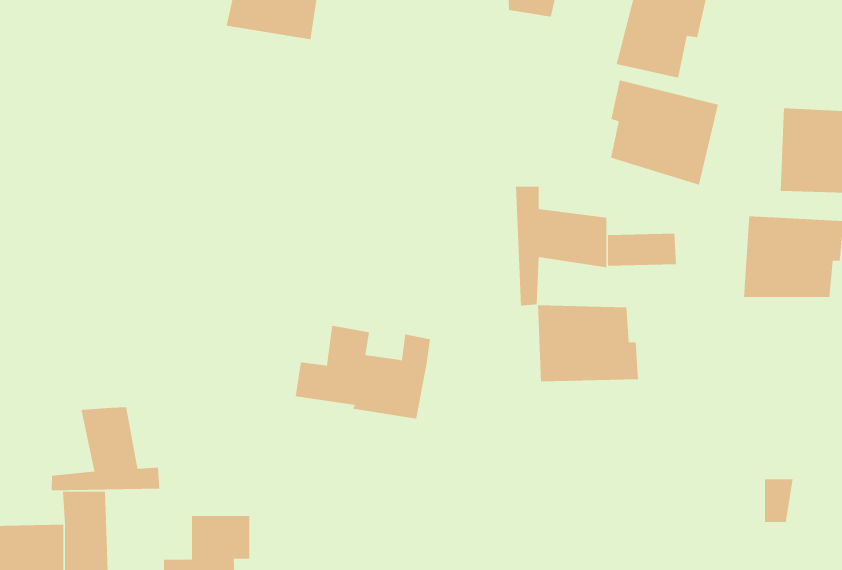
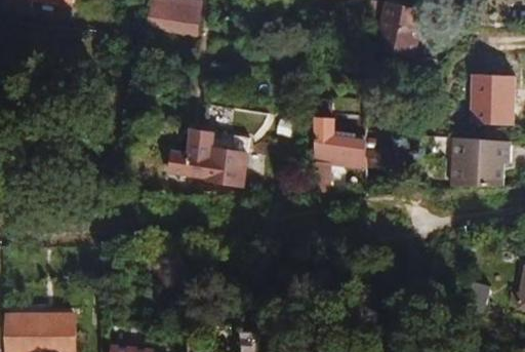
building: [610,80,719,185] -> none
building: [538,305,639,382] -> none
building: [295,325,431,419] -> [170,129,250,185]
building: [51,406,160,491] -> none

